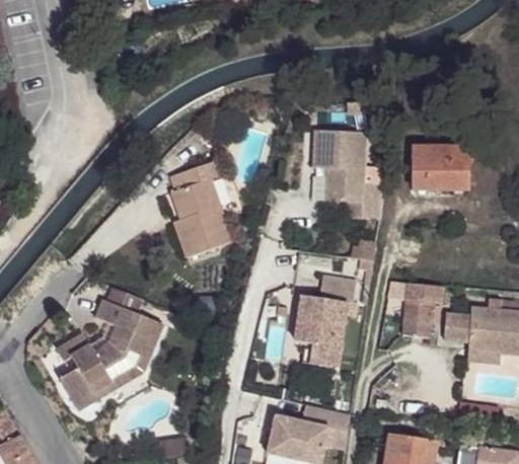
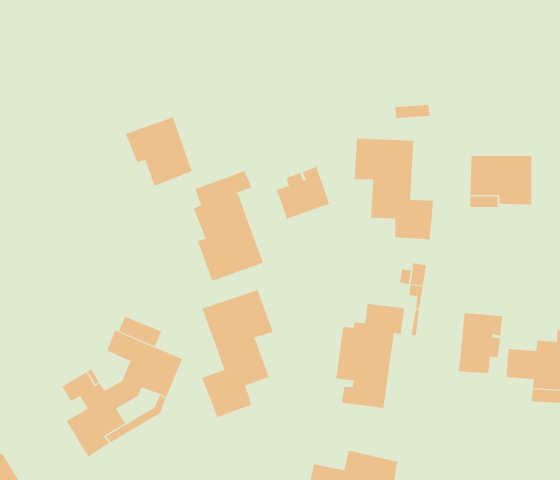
building: none -> [125,117,193,186]
building: none -> [276,166,330,220]
building: none -> [201,289,273,418]

